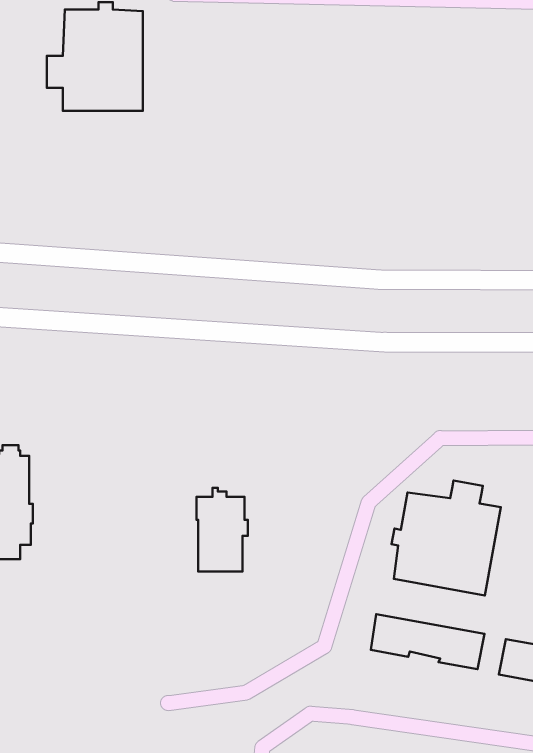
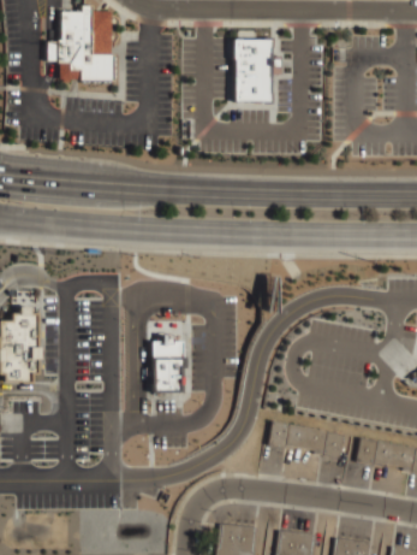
building: none -> [236,41,274,104]
building: [392,480,501,595] -> none

